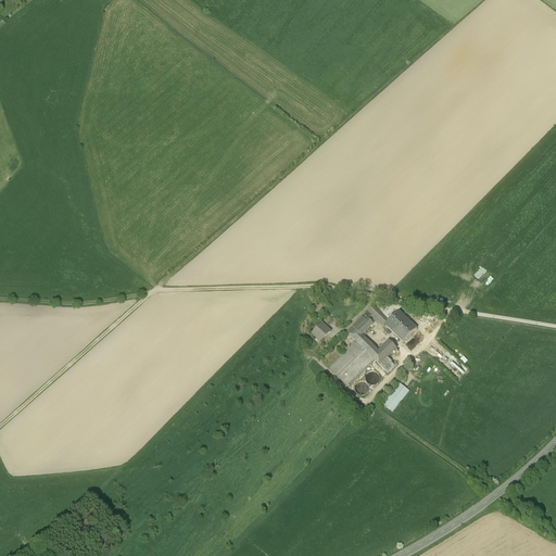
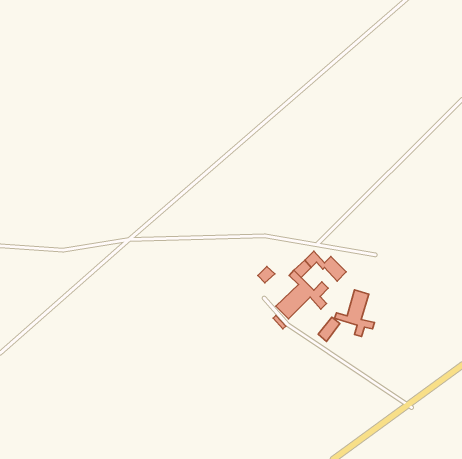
building: none -> [334,290,374,337]

